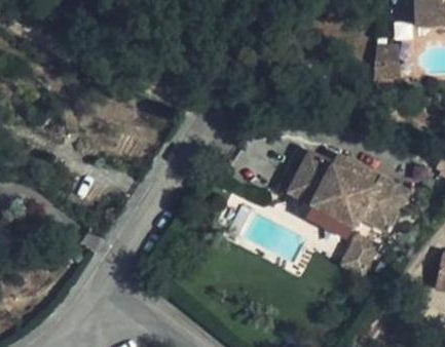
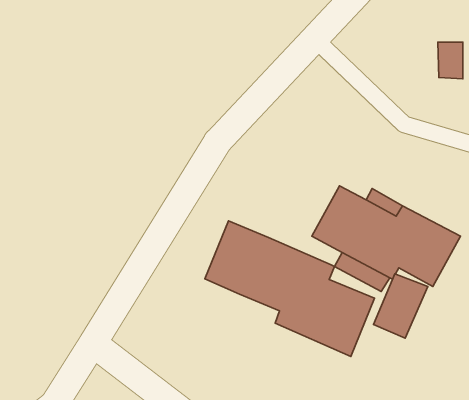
building: none -> [205,221,375,357]

